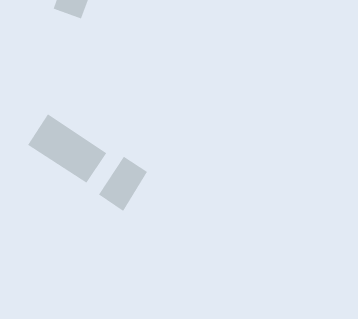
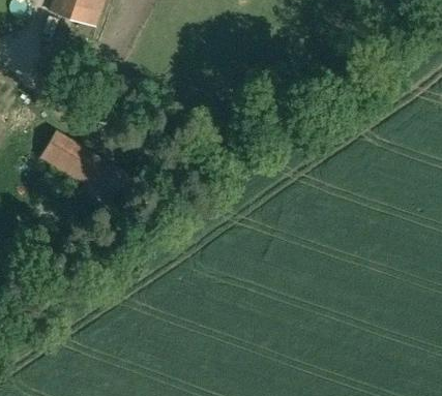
building: [98,156,148,212] -> none

